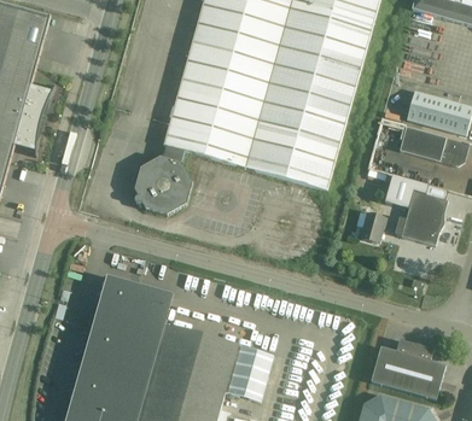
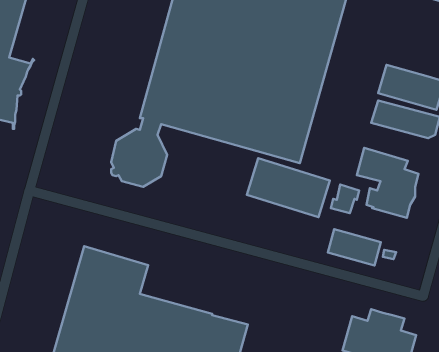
building: none -> [247,158,330,217]
building: none -> [328,229,381,265]

